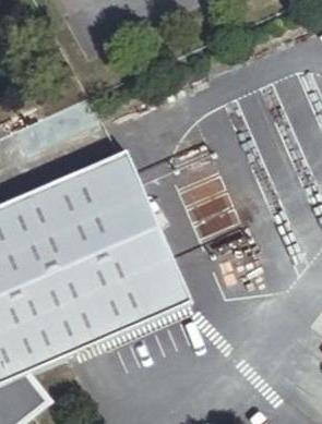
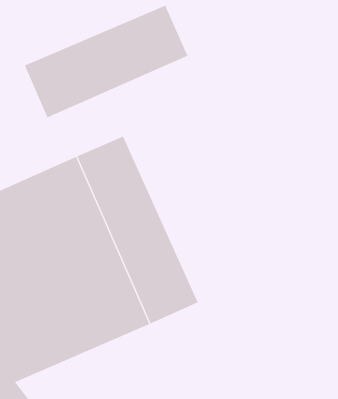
building: none -> [24,5,188,118]

